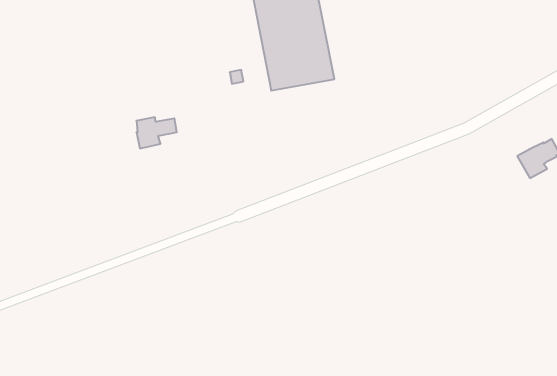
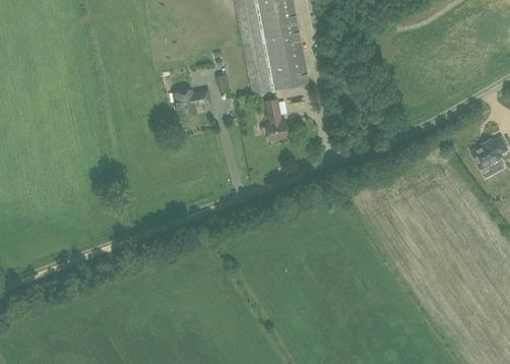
building: none -> [261,98,289,140]
building: [136,117,177,148] -> [175,87,210,115]

